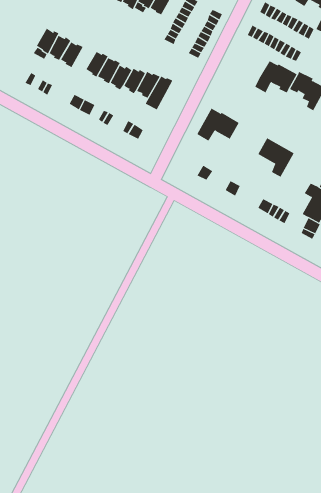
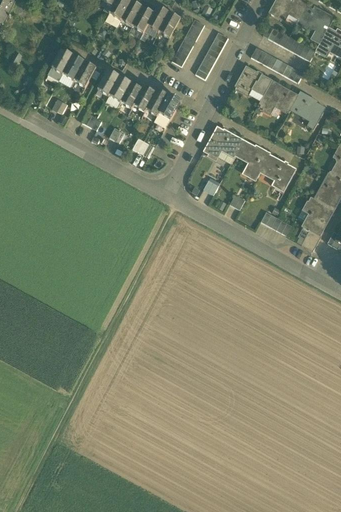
building: none -> [234,65,272,96]
building: none -> [236,140,270,180]

